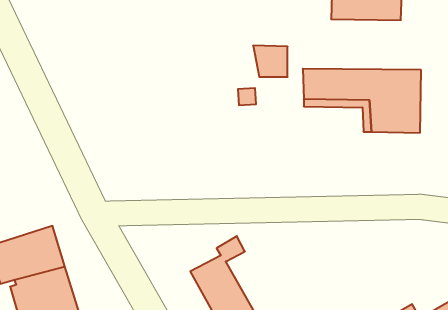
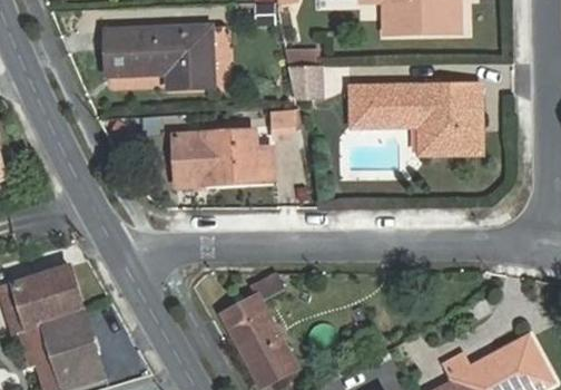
building: none -> [104,25,215,87]
building: none -> [150,130,274,184]

